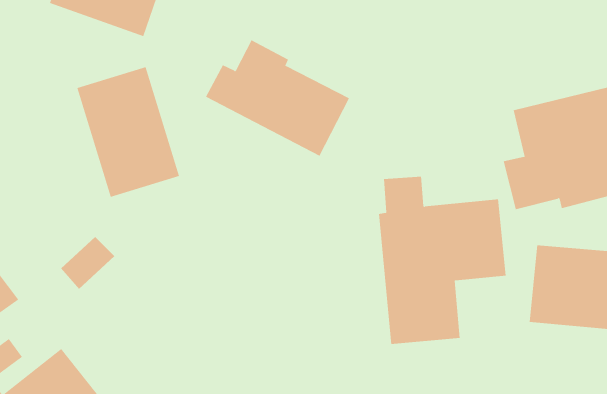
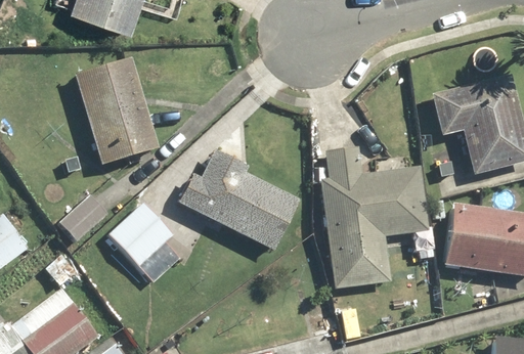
building: [205,39,350,157] -> [181,153,300,250]
building: none -> [111,205,180,283]

